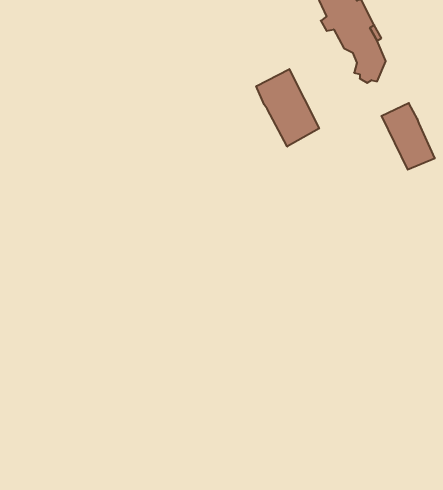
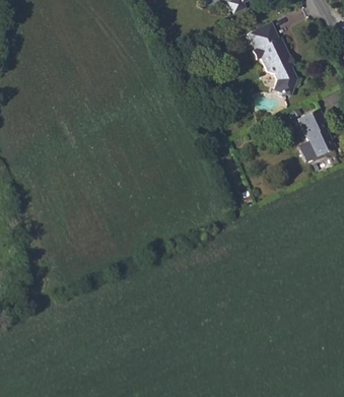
building: [256,69,319,147] -> none

